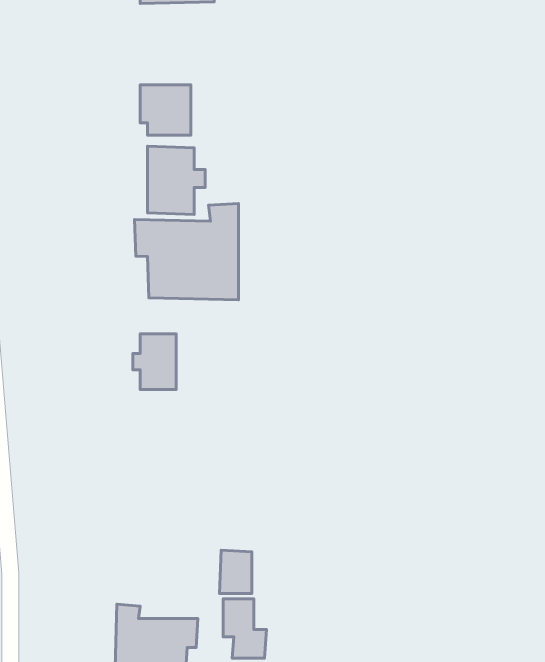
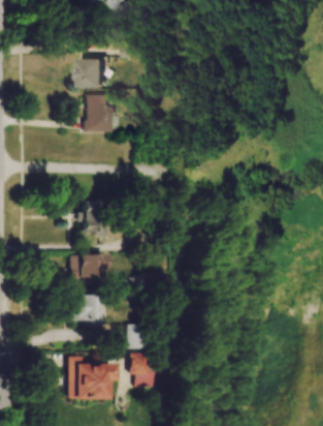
building: [134,204,239,300] -> none
building: none -> [71,254,107,278]
building: none -> [72,296,100,328]

